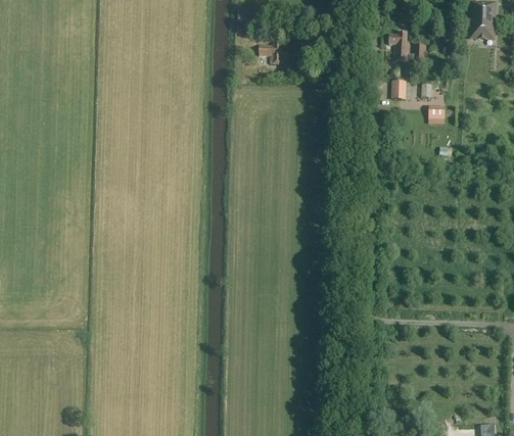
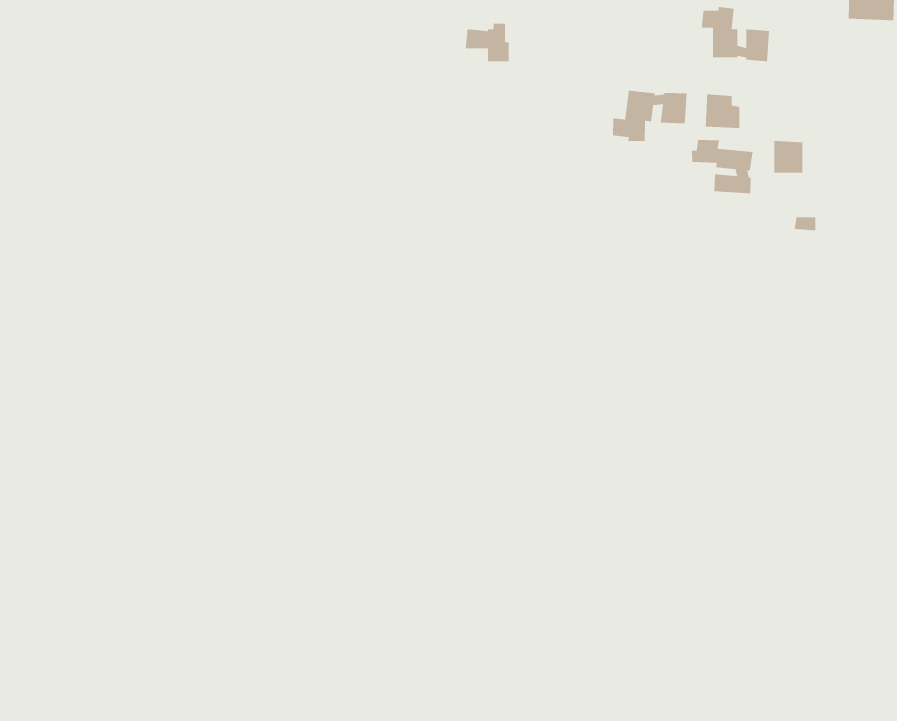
building: none -> [612,90,688,142]
building: none -> [691,139,754,194]

